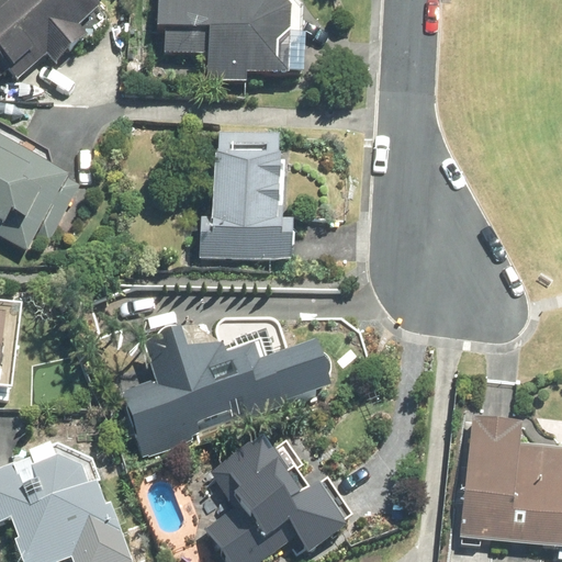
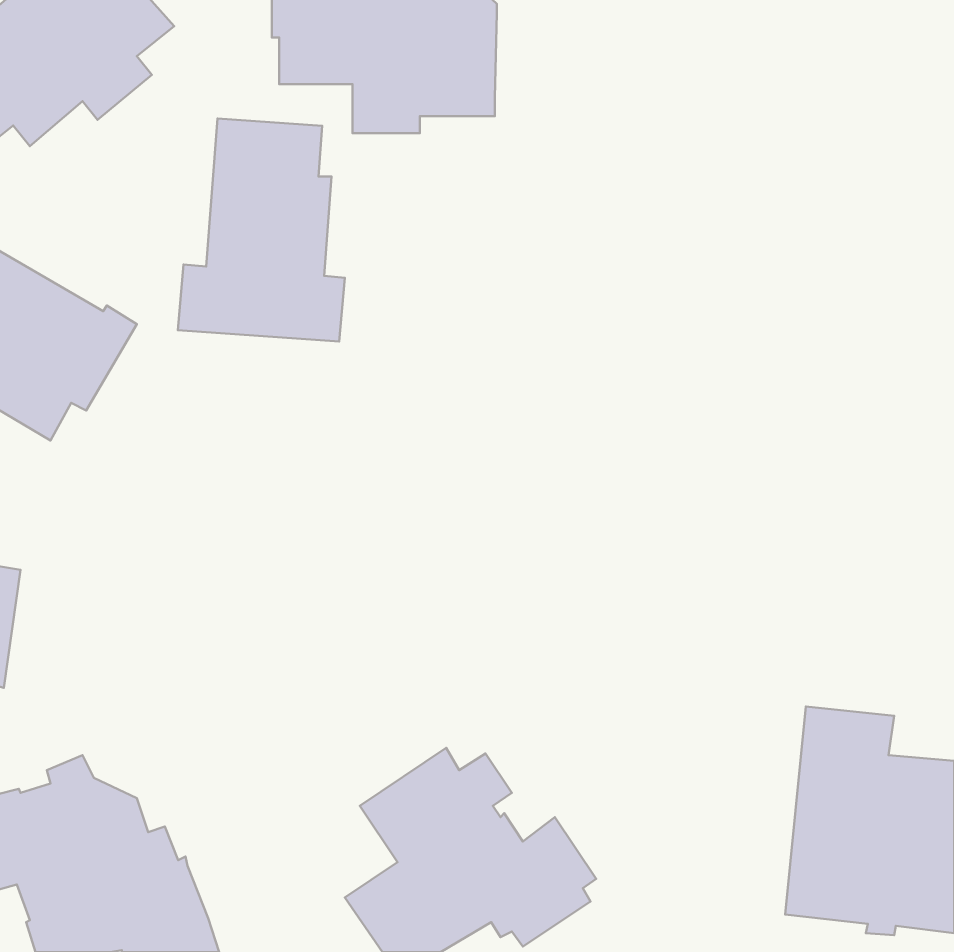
building: [199,139,296,270] -> [178,118,345,341]
building: [122,326,328,453] -> none

